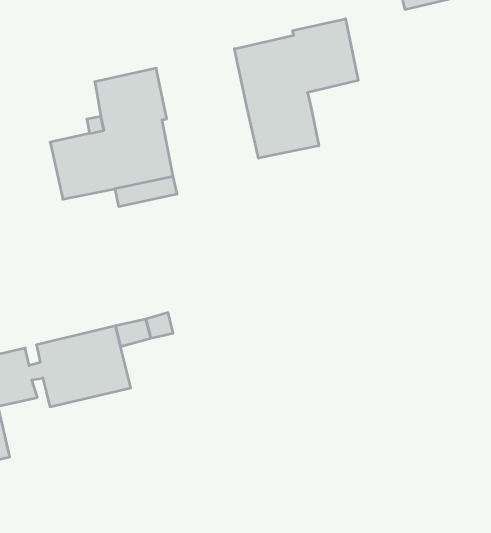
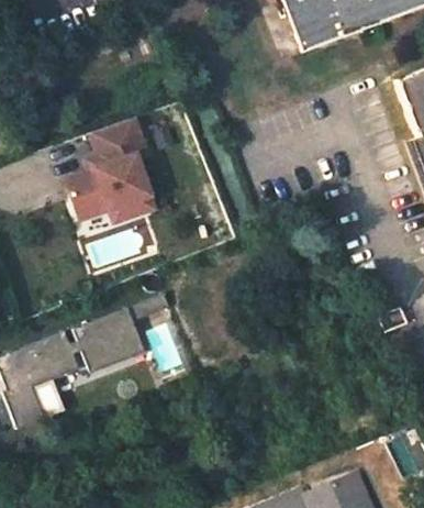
building: [234,19,358,158] -> none

